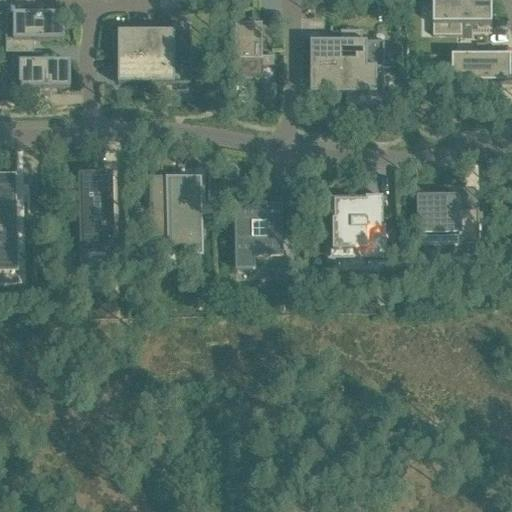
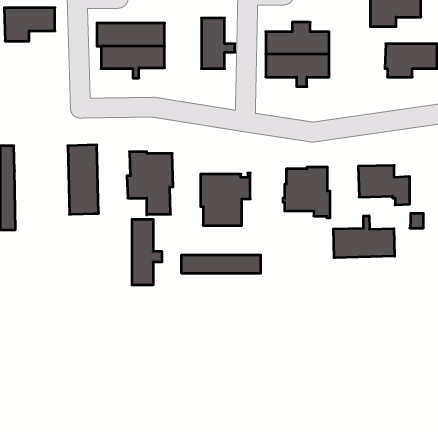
building: [12,57,70,96] -> none
building: none -> [333,216,395,258]
building: none -> [132,219,162,285]
building: none -> [182,255,261,273]

